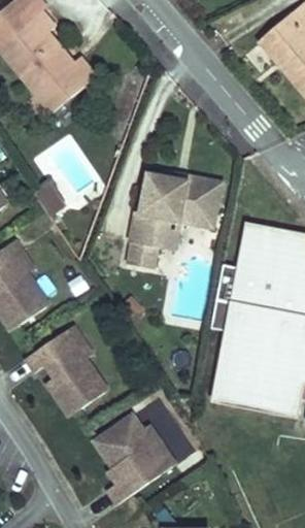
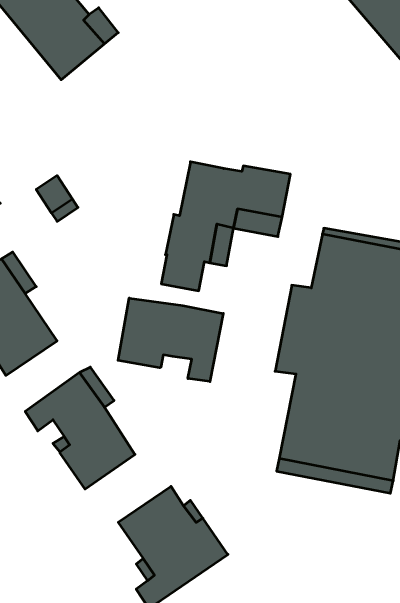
building: none -> [118,298,223,382]

